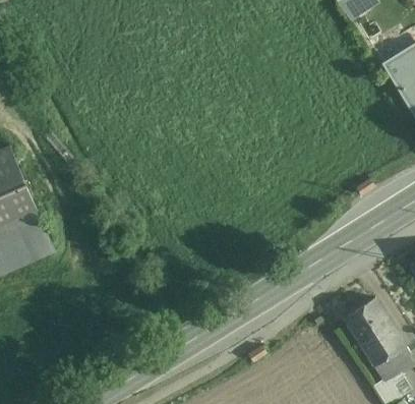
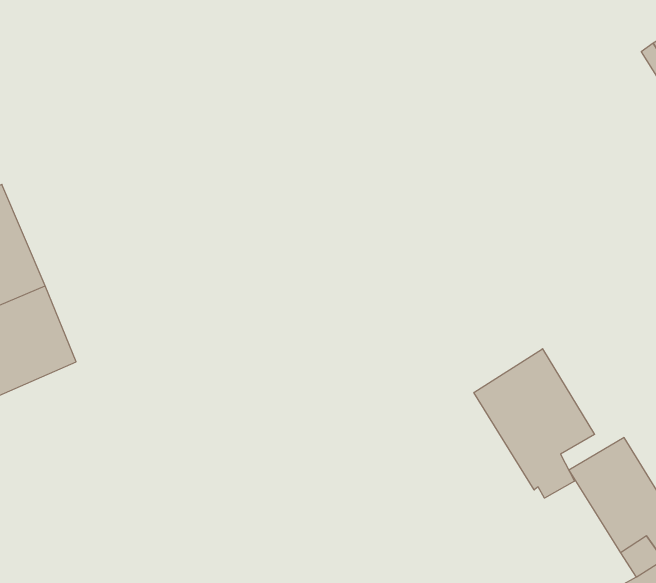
building: none -> [474,349,595,498]

